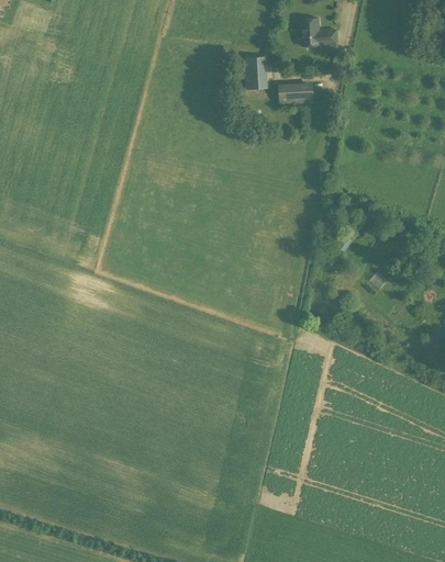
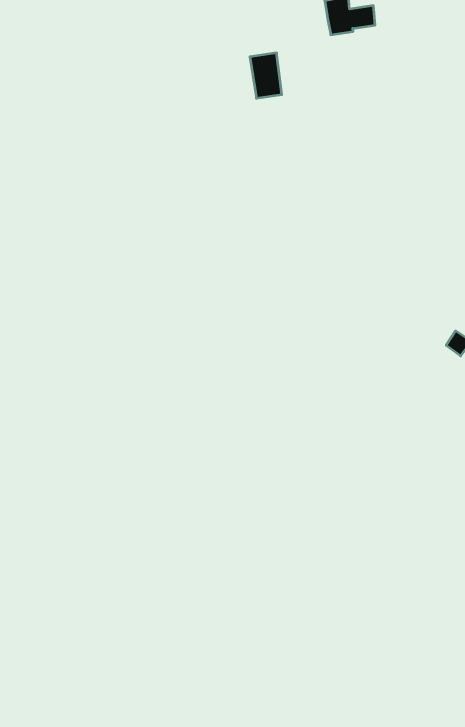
building: [279,80,314,104] -> none

